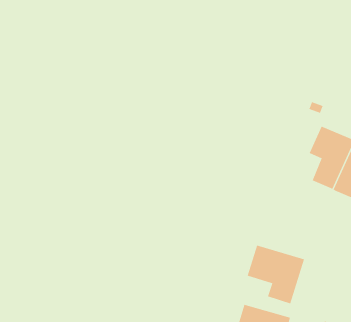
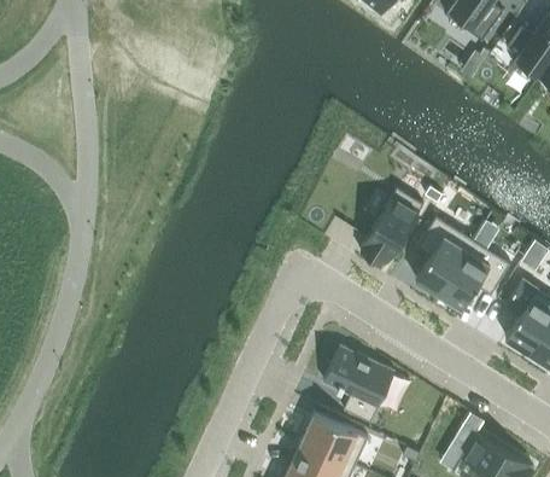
building: none -> [361,187,423,266]

